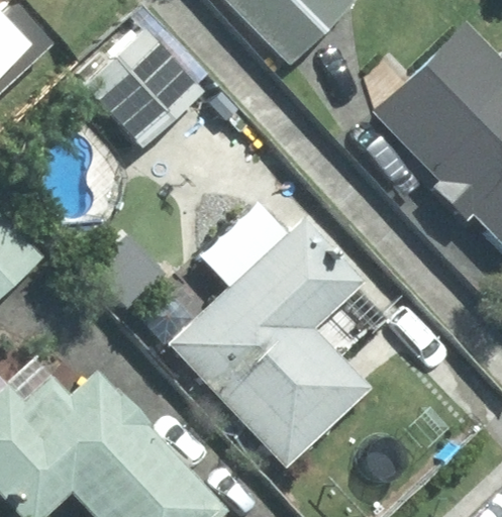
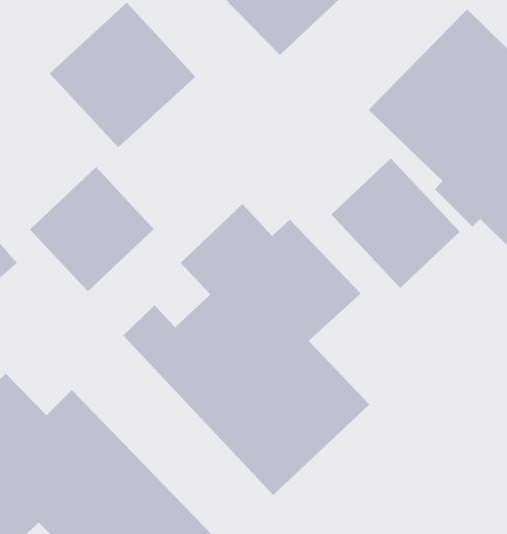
building: none -> [331,158,460,289]
building: none -> [29,166,155,292]

